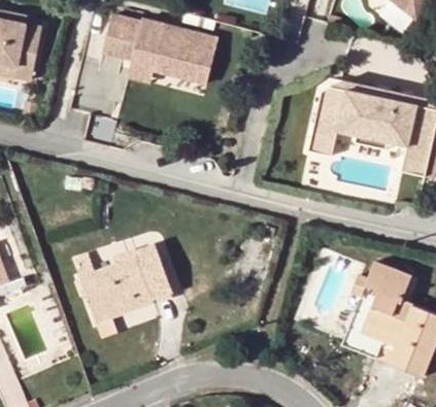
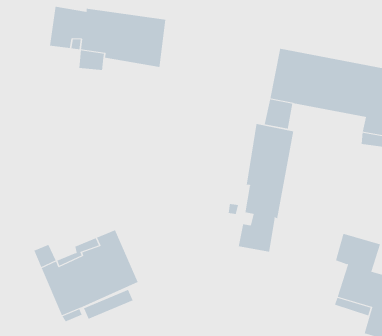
building: none -> [238,123,294,253]

